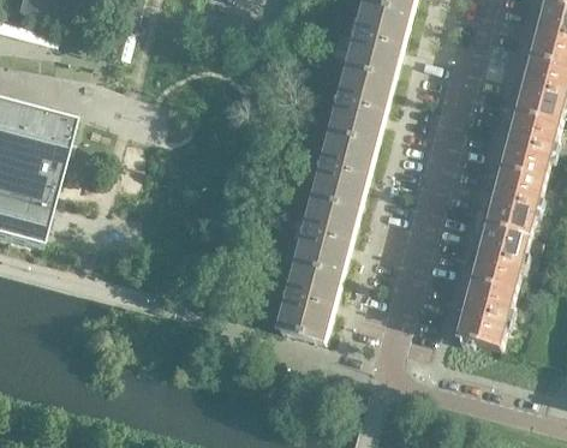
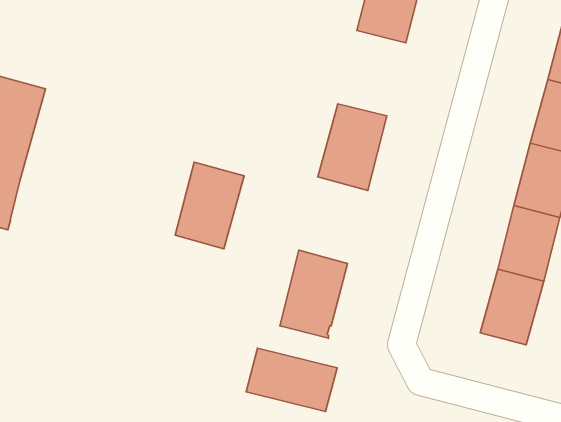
building: [332,66,392,142] -> none
building: [297,196,358,273] -> [175,162,244,249]
building: none -> [246,348,337,412]

